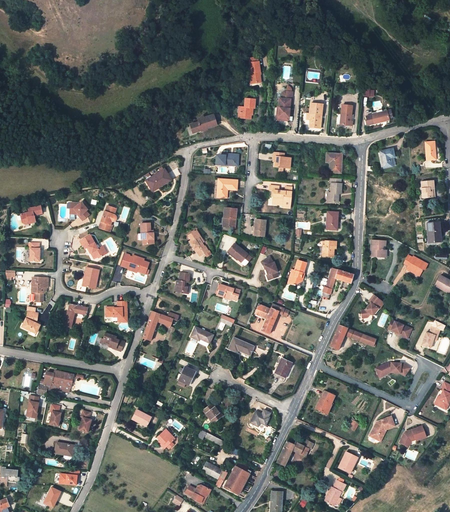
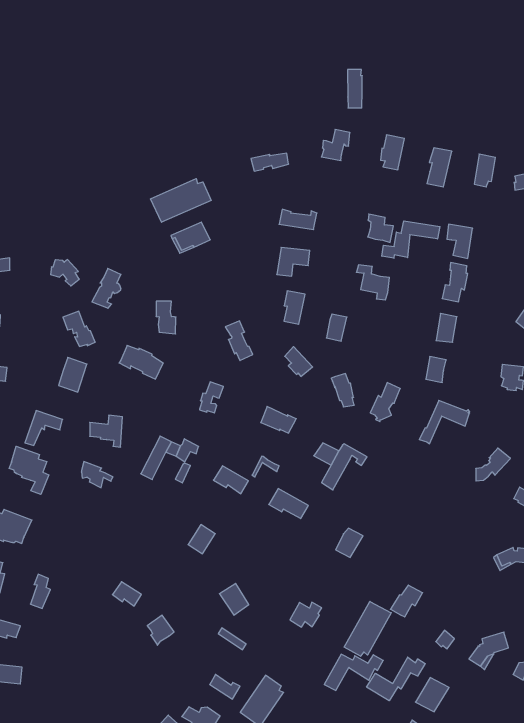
building: none -> [150,179,211,222]
building: none -> [382,221,440,258]
building: [329,324,376,350] -> none
building: none -> [9,446,49,494]
building: none -> [344,601,391,656]
building: none -> [367,657,425,701]

